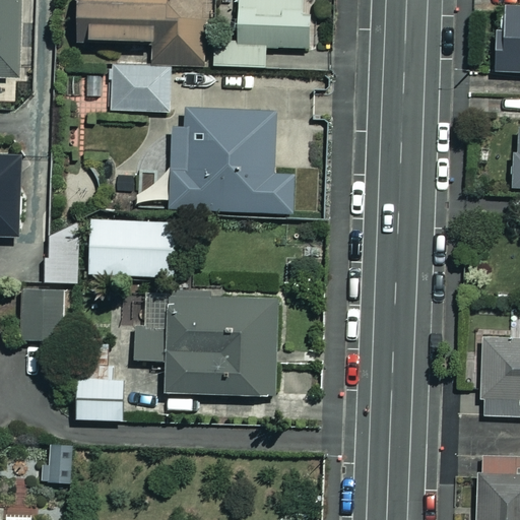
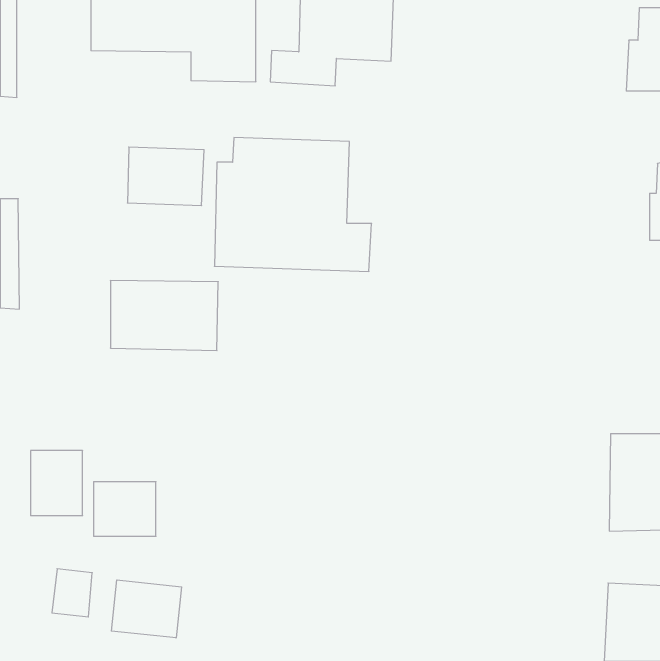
building: [112,65,172,111] -> [127,147,204,206]
building: [49,229,79,281] -> none
building: [22,289,63,340] -> [31,451,83,516]
building: [135,296,271,396] -> none
building: none -> [111,580,182,638]

